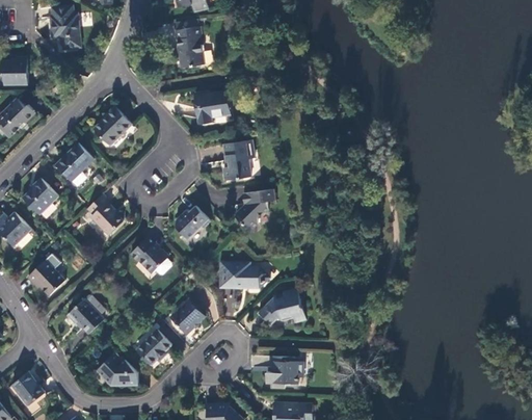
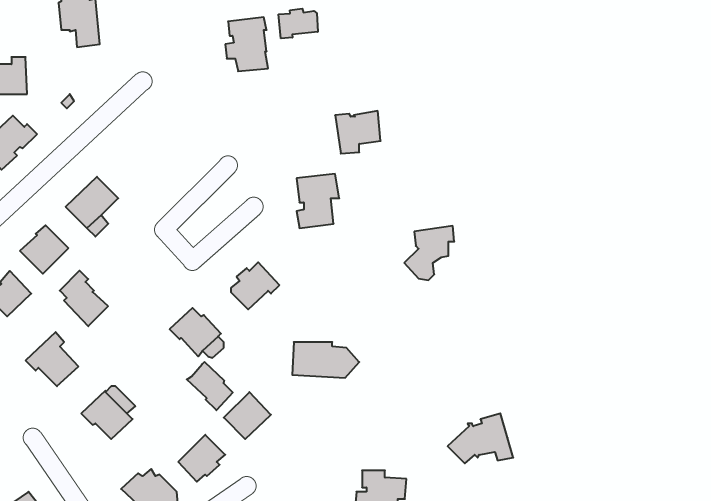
building: none -> [279,9,318,38]
building: [194,91,228,123] -> [335,111,381,154]
building: [95,106,131,145] -> none
building: [236,189,272,229] -> [404,226,454,280]
building: [87,194,123,235] -> [60,271,108,326]
building: none -> [187,362,233,410]
building: [259,288,307,324] -> [448,413,513,463]

